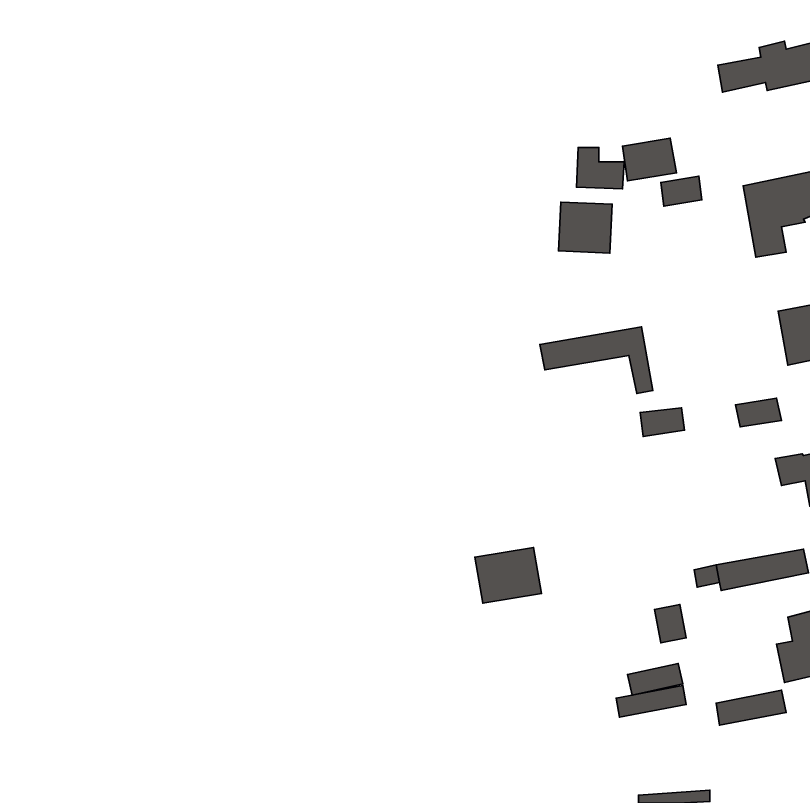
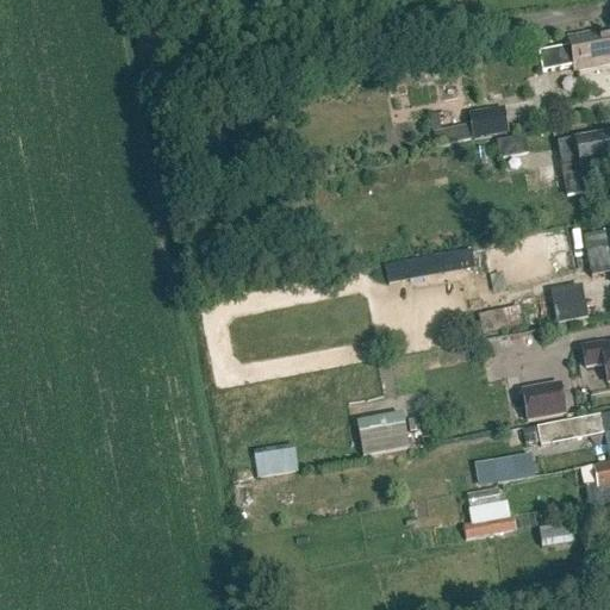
building: [558,202,612,253] -> none
building: none -> [521,379,566,419]
building: none -> [257,447,300,472]

